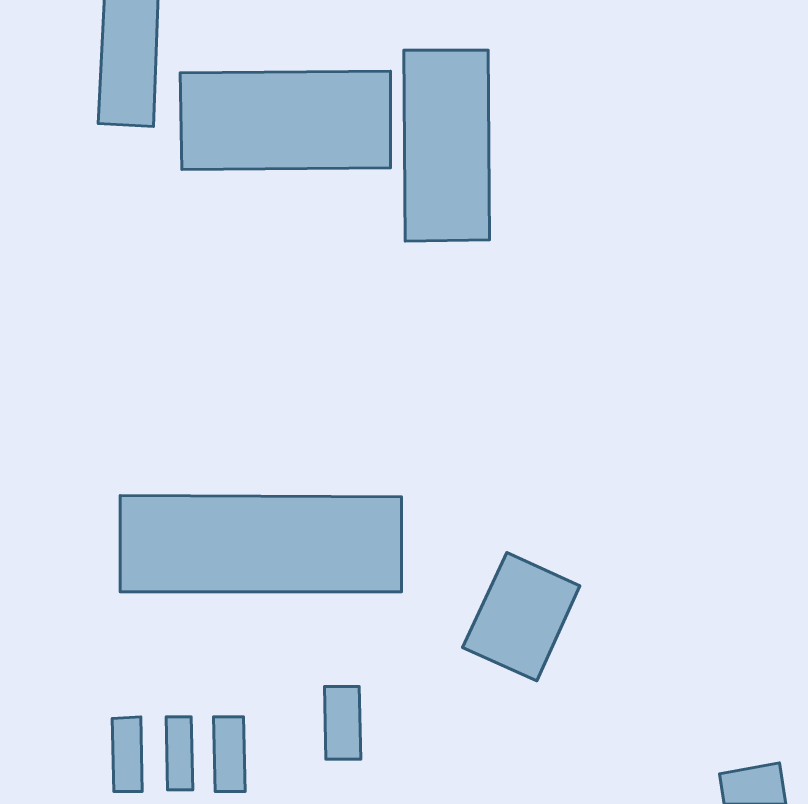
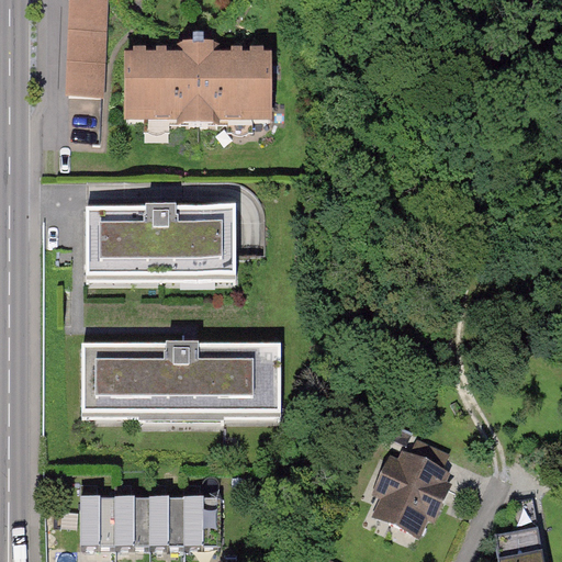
building: [404,50,490,241] -> none
building: none -> [85,206,232,277]
building: [463,553,580,681] -> [372,448,453,537]
building: [324,686,361,759] -> [182,495,207,546]

